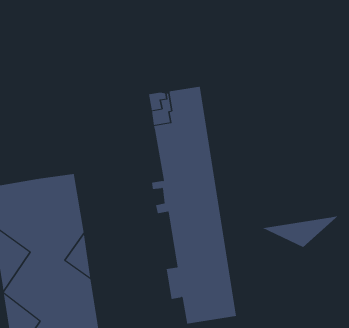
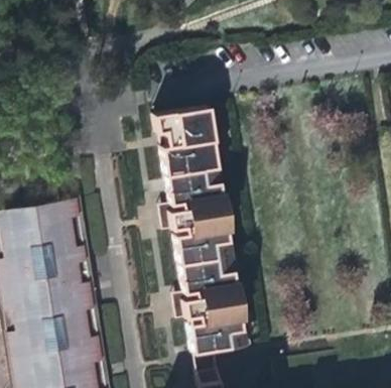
building: [261,215,340,248] -> none

